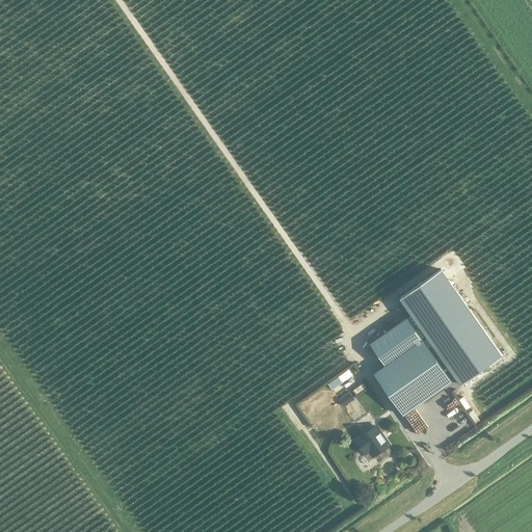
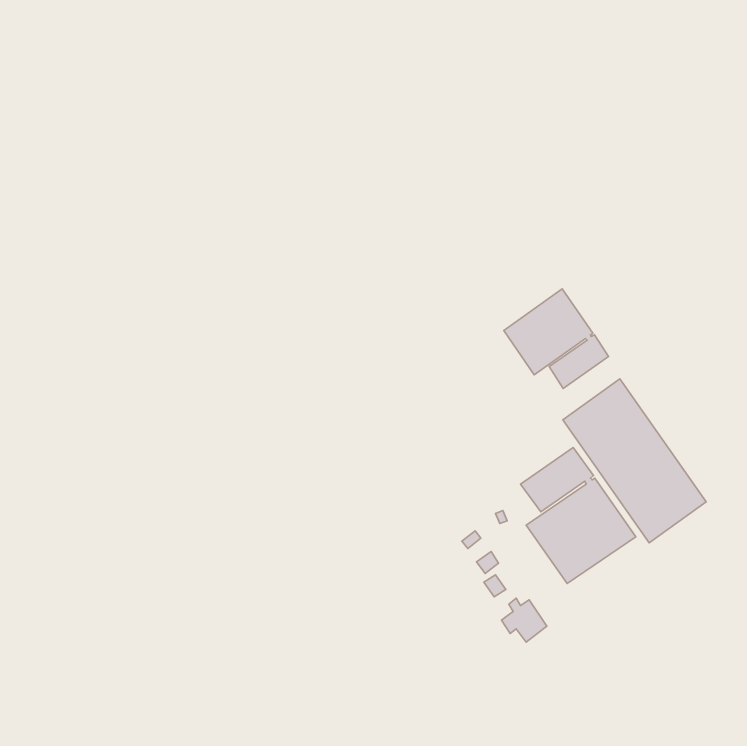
building: none -> [504,289,609,388]

